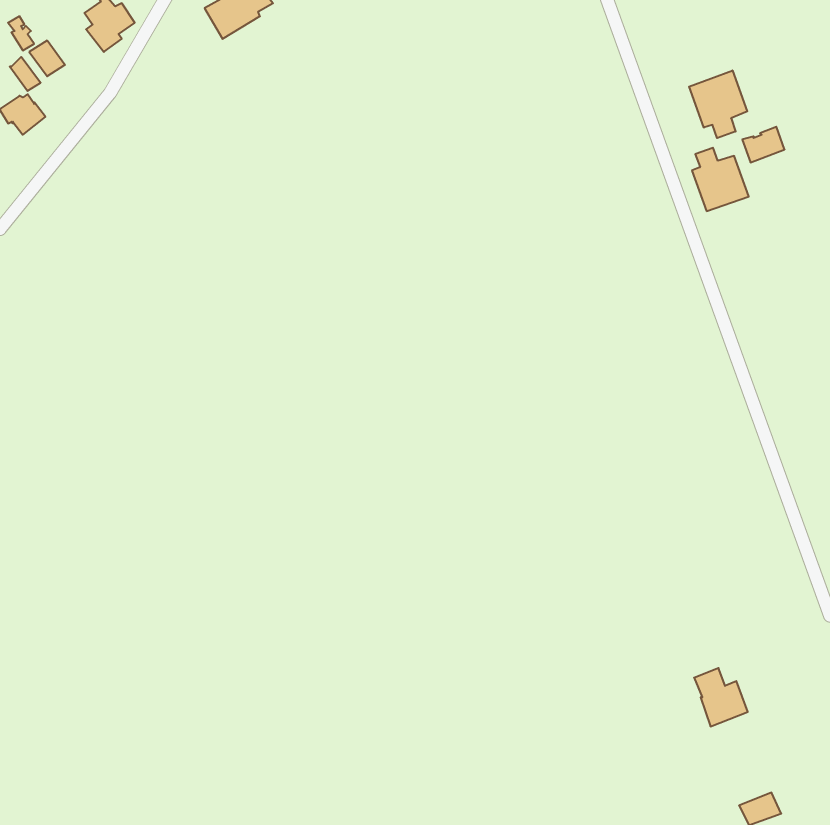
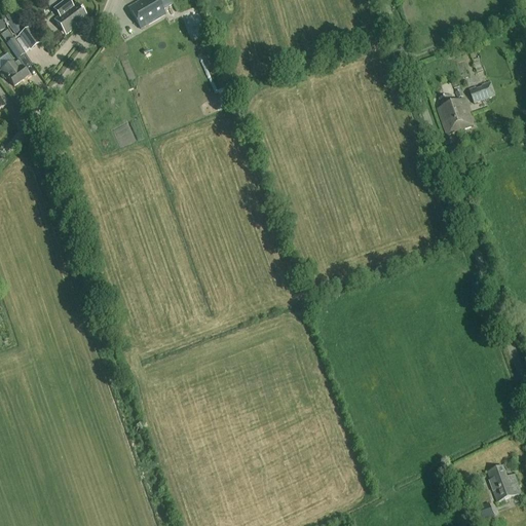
building: [689,70,747,138] -> none
building: [694,668,748,726] -> [487,464,521,501]

